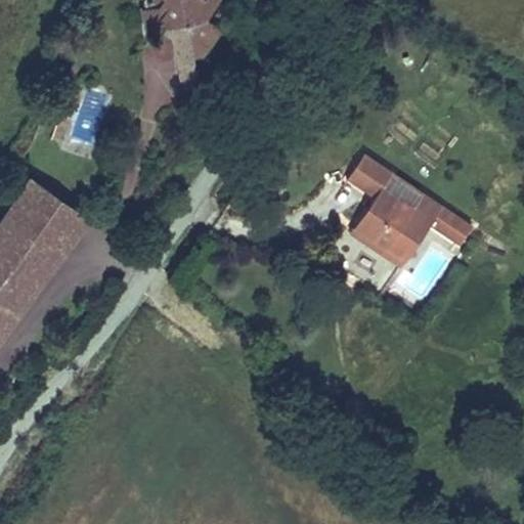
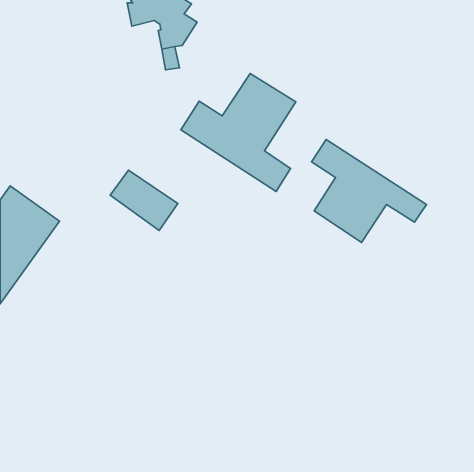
building: none -> [181,73,296,192]
building: [12,177,87,244] -> [110,170,178,231]

